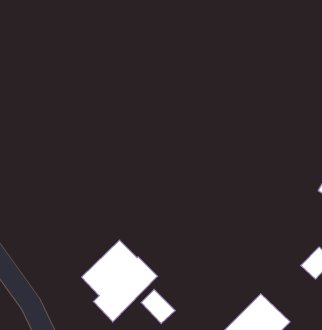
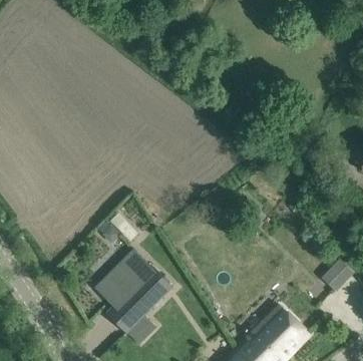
building: [141,289,175,324] -> none

